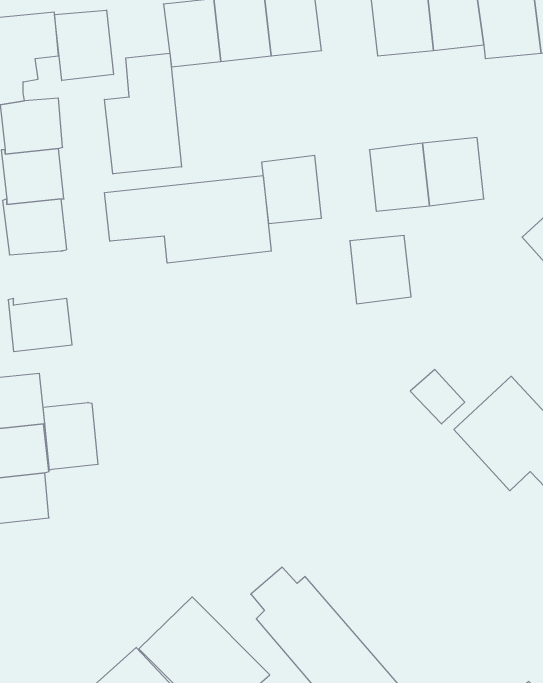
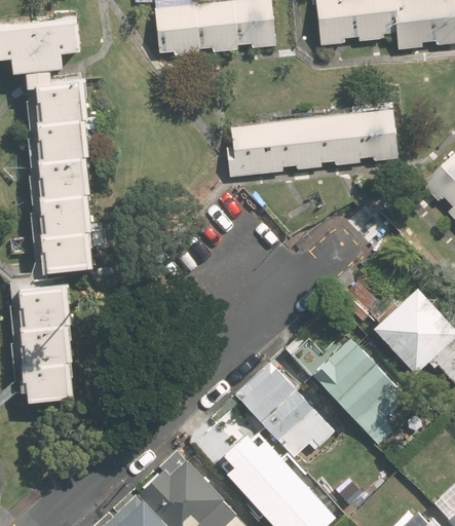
building: [55,10,113,81] -> none
building: [105,53,182,174] -> none
building: [105,175,271,263] -> none
building: [350,236,411,304] -> [270,117,316,168]
building: none -> [40,193,83,234]
building: [43,402,98,470] -> none
building: none -> [290,334,408,443]
building: none -> [236,364,328,456]

